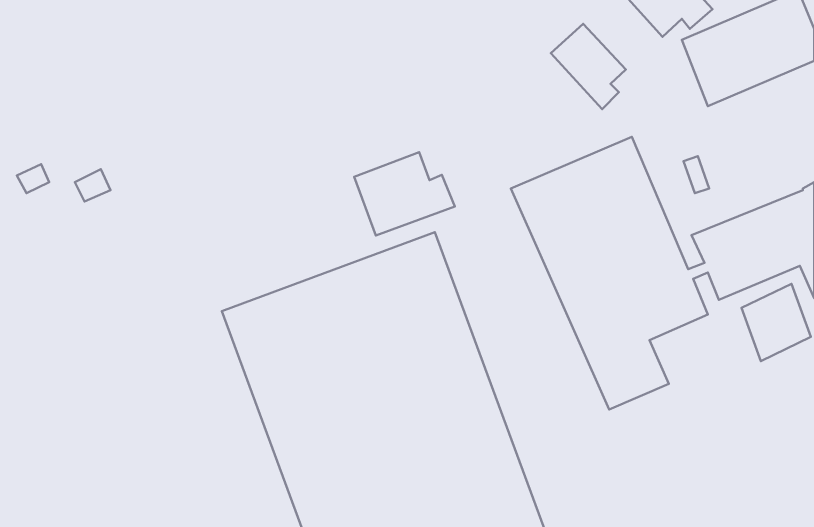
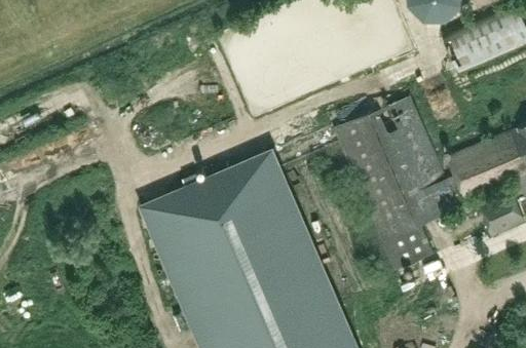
building: [551,24,626,109] -> none
building: [354,152,455,236] -> none

